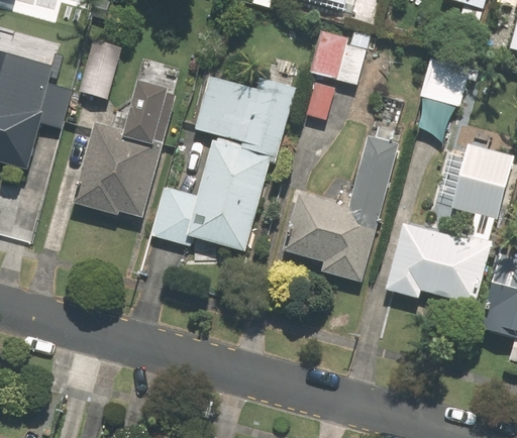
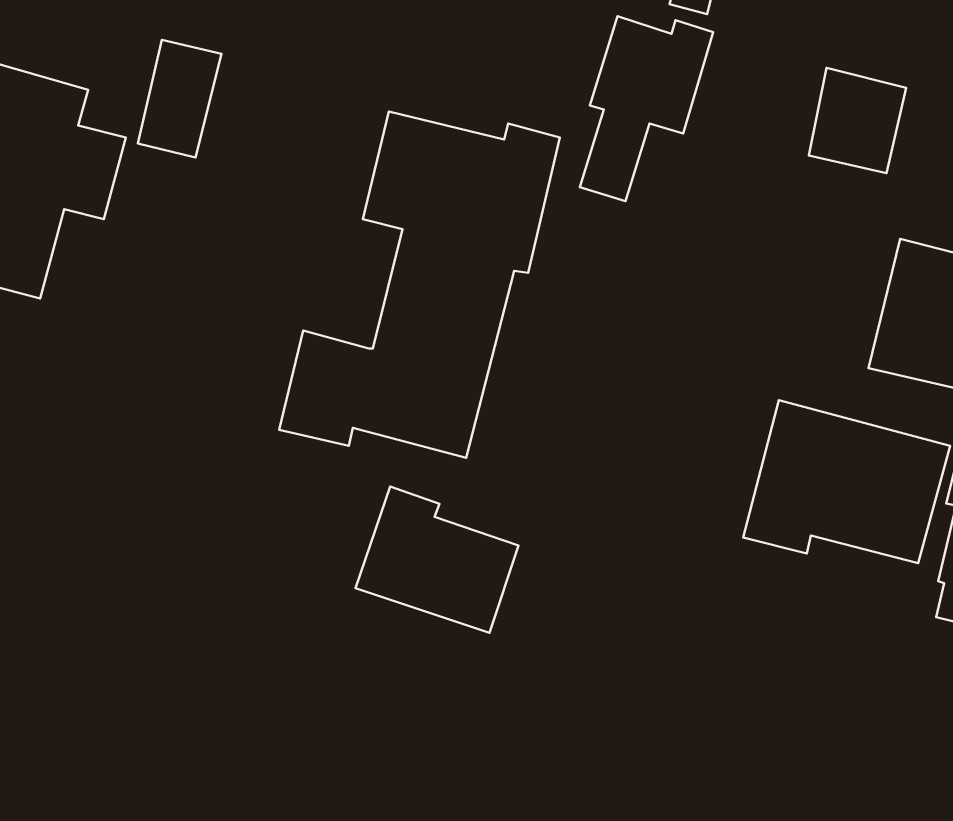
building: [74,81,174,218] -> none
building: [284,135,398,283] -> none
building: none -> [356,487,518,633]

